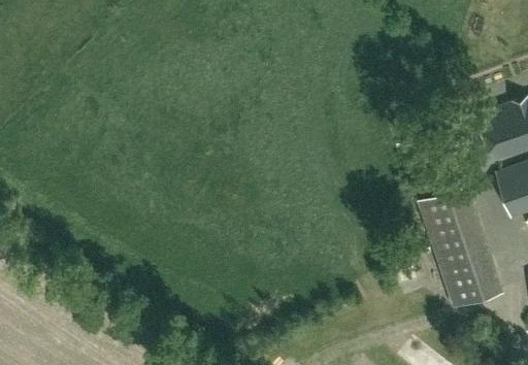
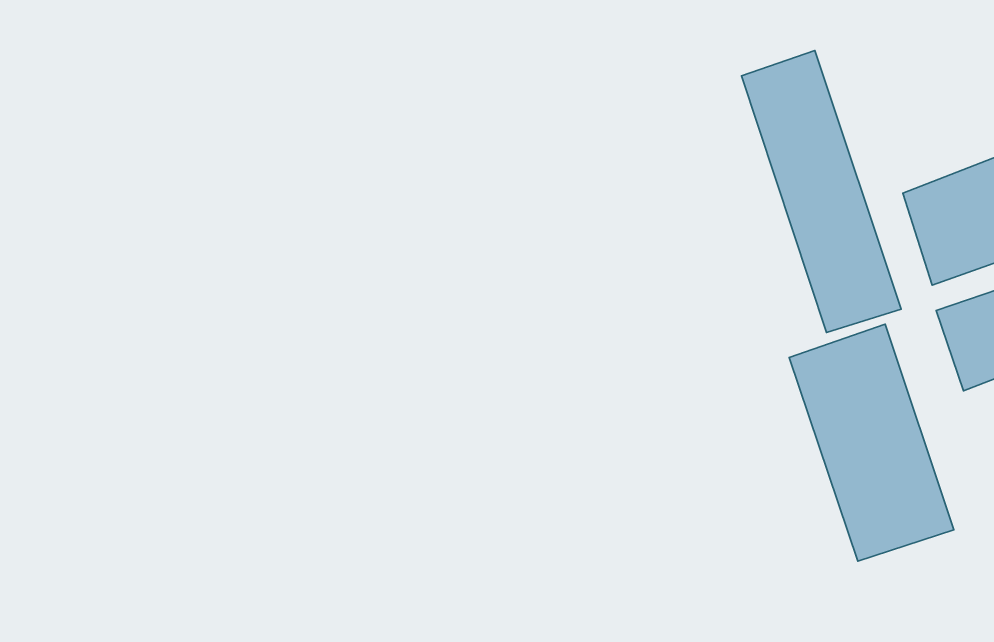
building: none -> [741,51,901,332]

